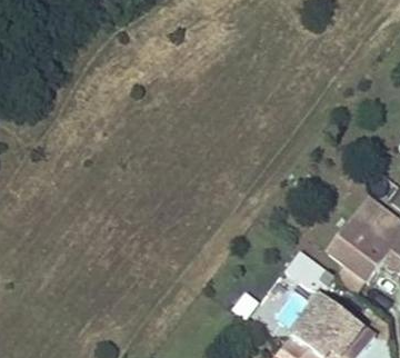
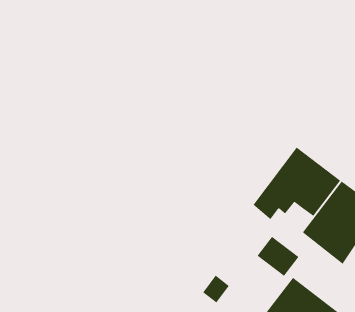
building: none -> [252,147,341,220]

